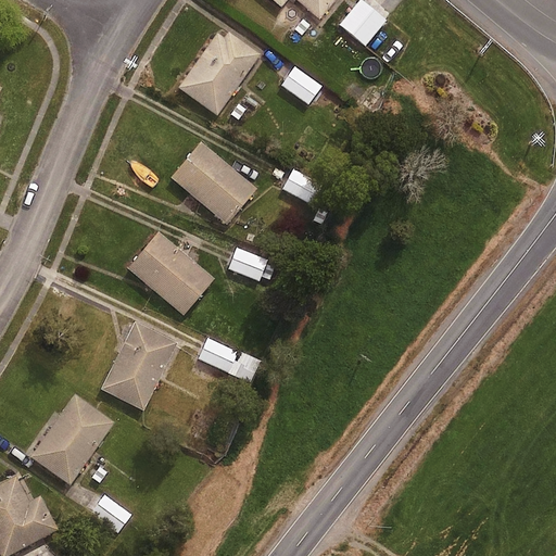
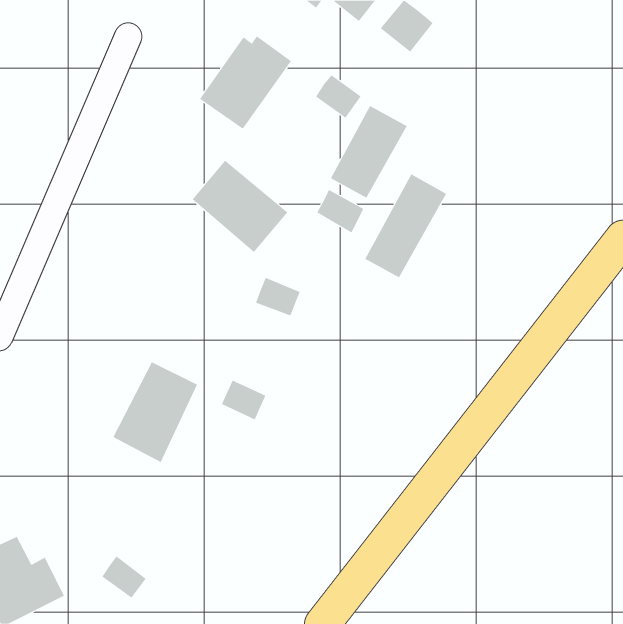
building: none -> [330,105,408,199]
building: none -> [365,174,447,278]
building: [126,231,214,316] -> none
building: [30,394,113,485] -> none

